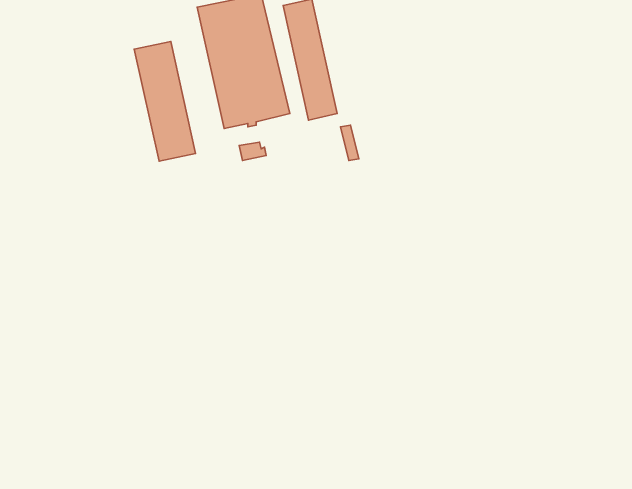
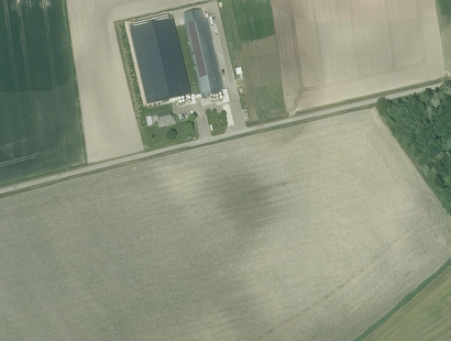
building: [134,42,196,161] -> none

